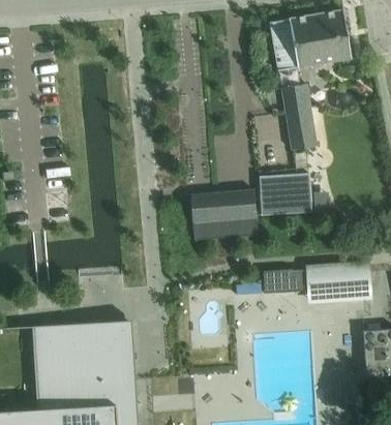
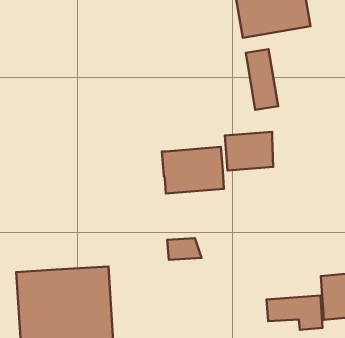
building: [308,263,369,300] -> [266,296,323,330]
building: [263,270,300,294] -> [167,238,201,260]

